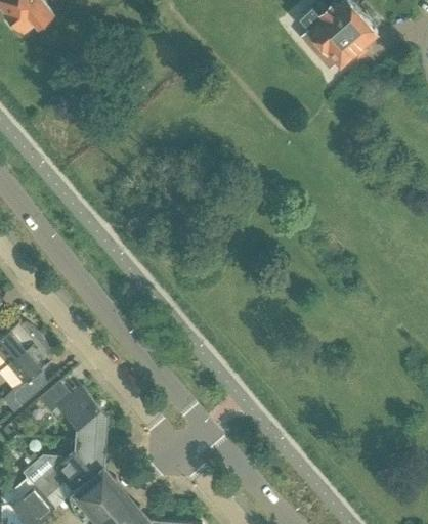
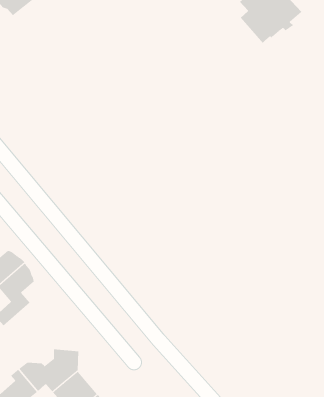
building: [38,382,108,443] -> none

